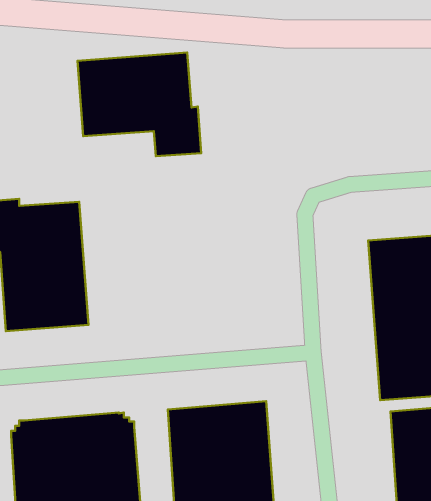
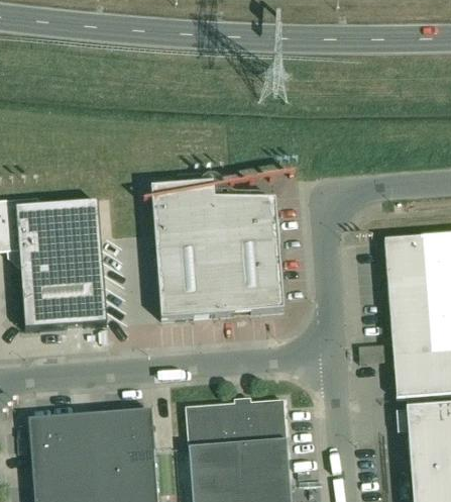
building: [77,53,201,156] -> none
building: none -> [151,182,284,319]

